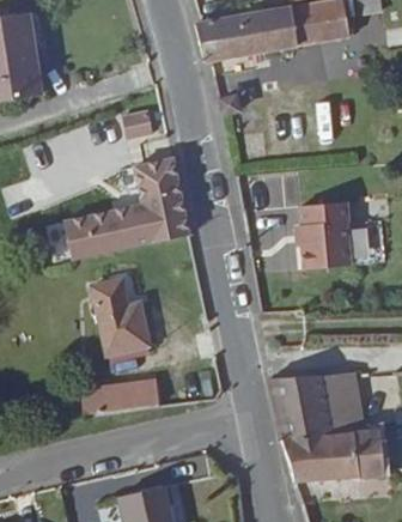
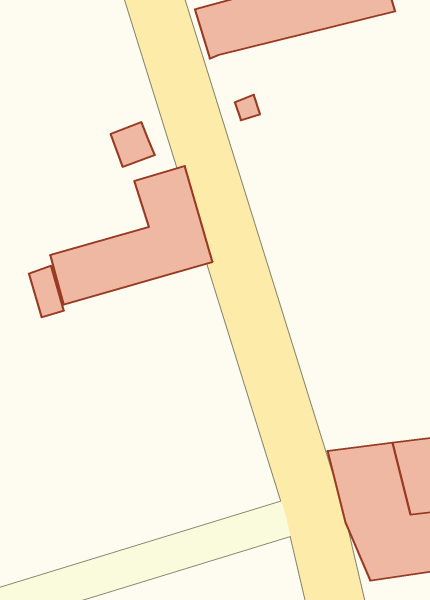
building: [304,204,352,271] -> none
building: [91,280,147,353] -> none
building: [79,381,158,420] -> none

